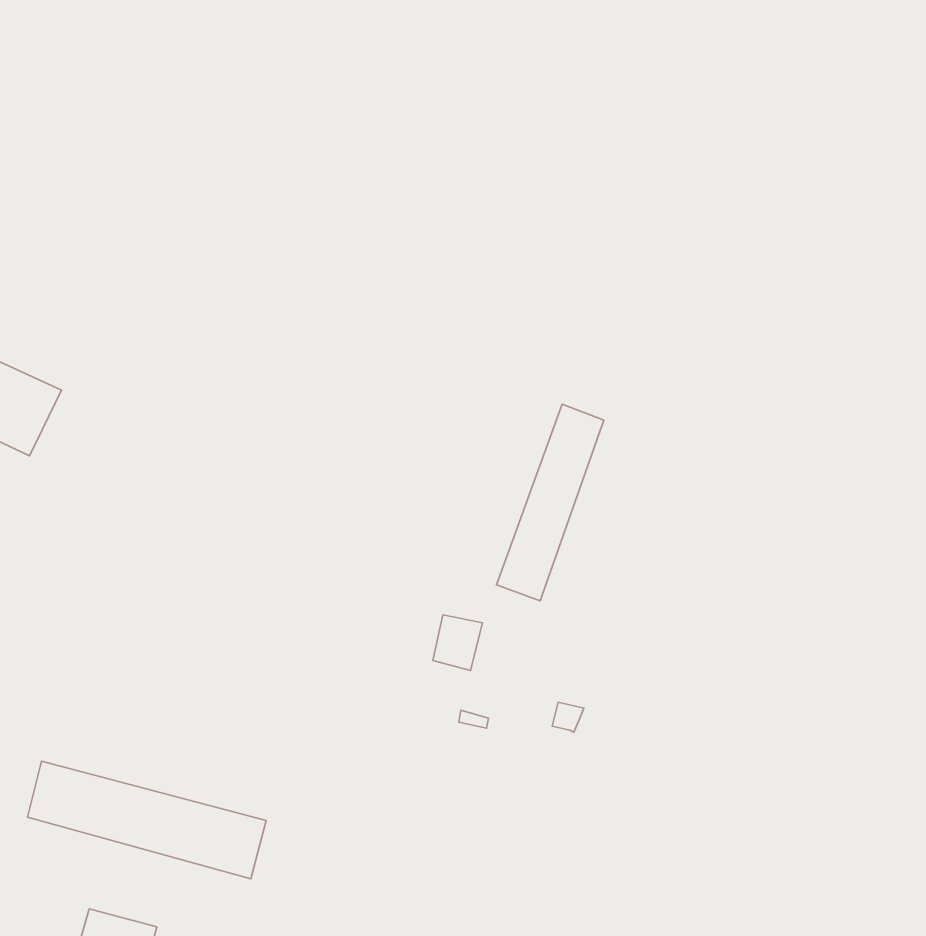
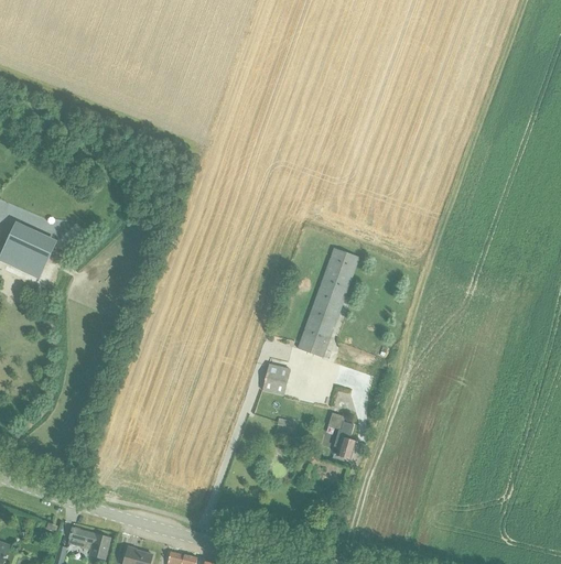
building: none -> [336,422,356,459]
building: [28,761,266,879] -> none

